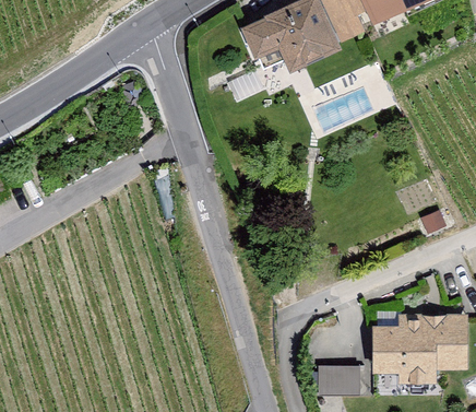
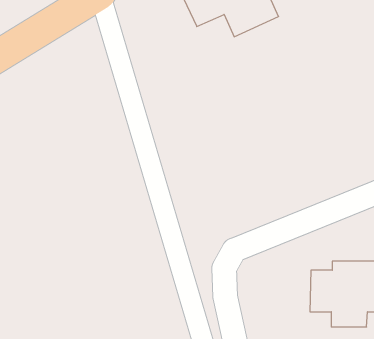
building: [310,360,354,390] -> none

